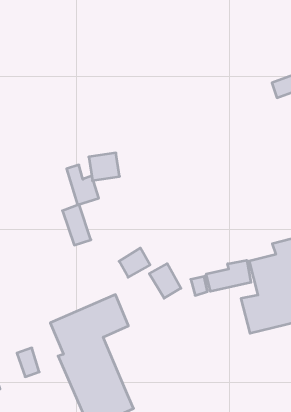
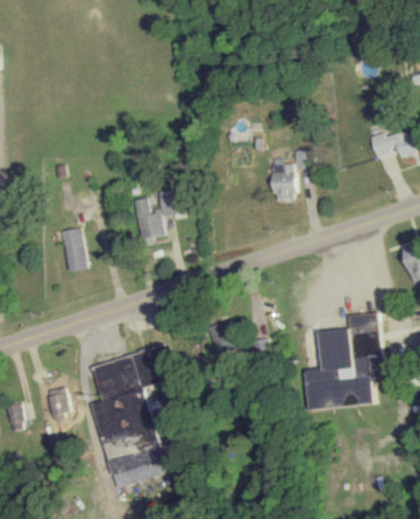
building: none -> [273,150,312,200]
building: [62,204,91,245] -> [62,227,88,271]
building: [119,248,150,277] -> none
building: [206,260,251,291] -> none

